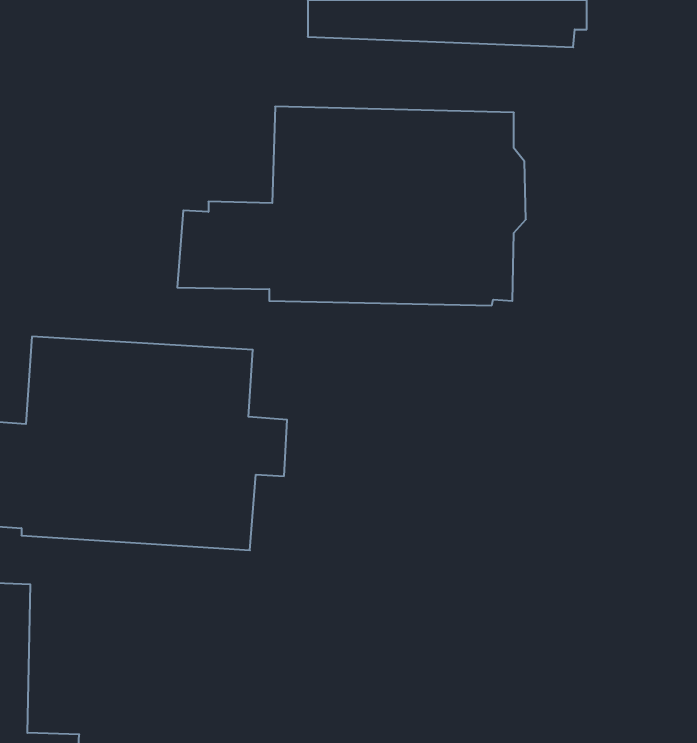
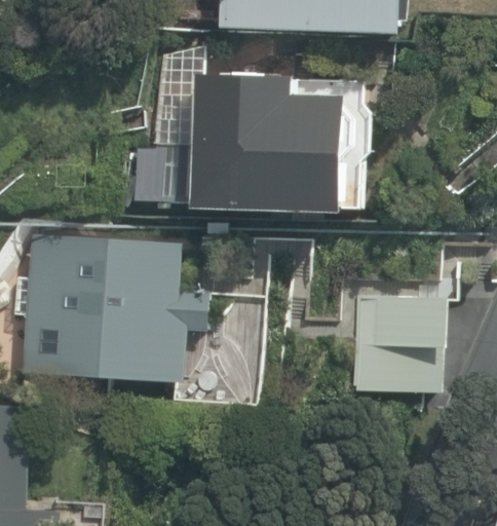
building: none -> [354,284,444,392]

